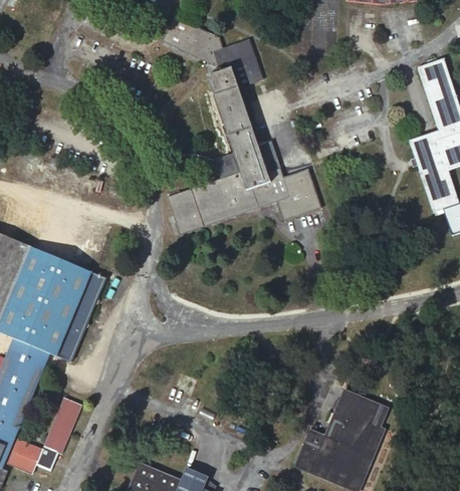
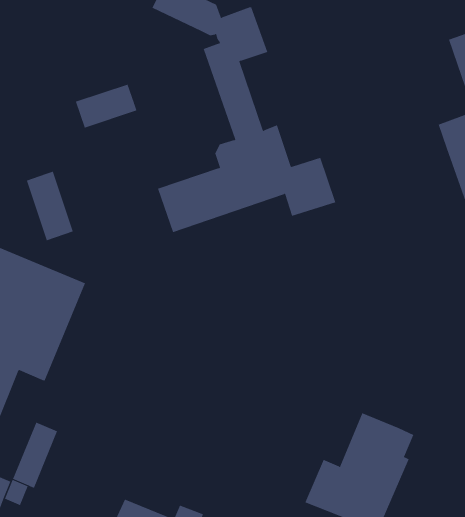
building: none -> [75,84,137,128]
building: none -> [26,171,74,241]

